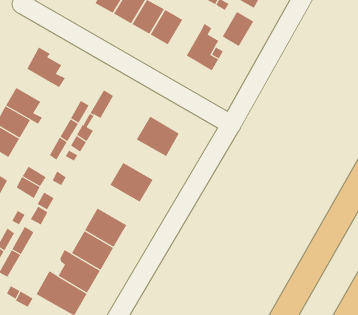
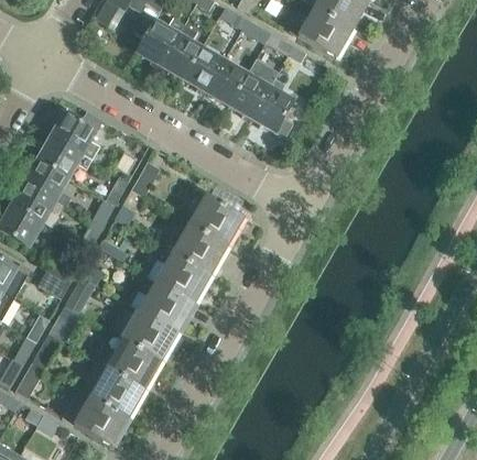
building: [222,11,254,47] -> [229,73,270,118]
building: none -> [37,134,93,176]
building: none -> [172,223,227,274]
building: none -> [140,281,194,331]

